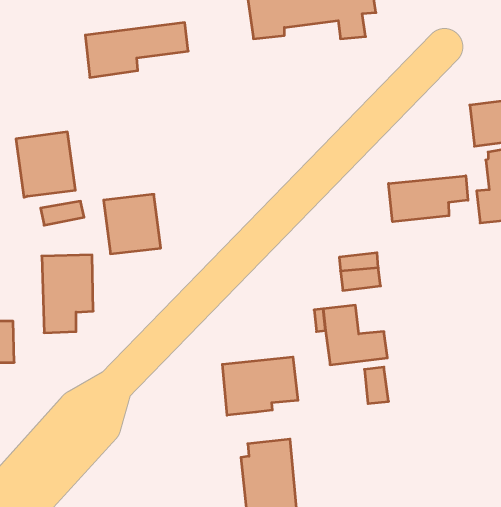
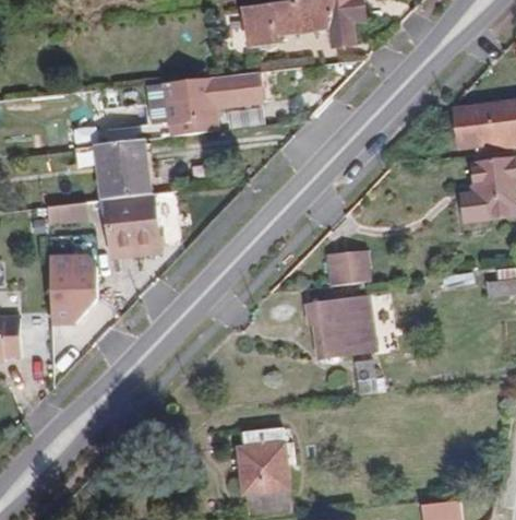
building: [85,23,188,77] -> [165,71,263,123]
building: [16,132,75,197] -> [94,139,151,201]
building: [389,176,468,222] -> none
building: [222,357,298,415] -> none

